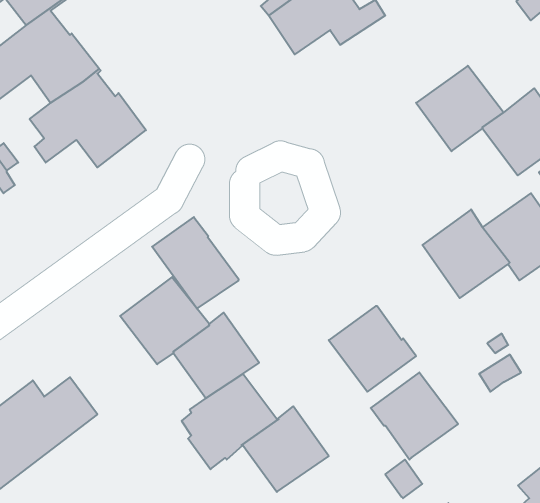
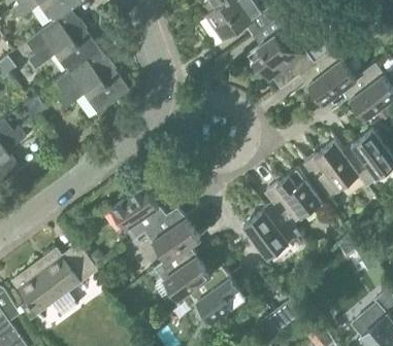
building: none -> [247,27,334,83]
building: [152,217,239,309] -> none
building: [371,372,458,460] -> [265,169,321,224]

